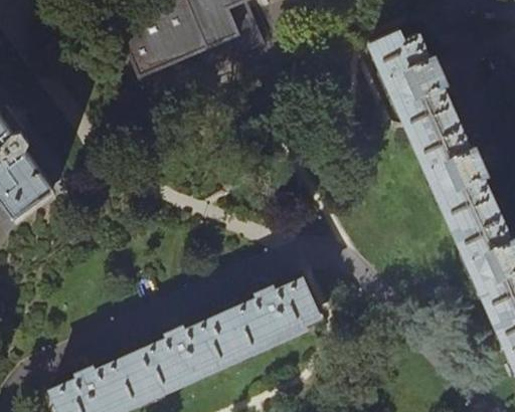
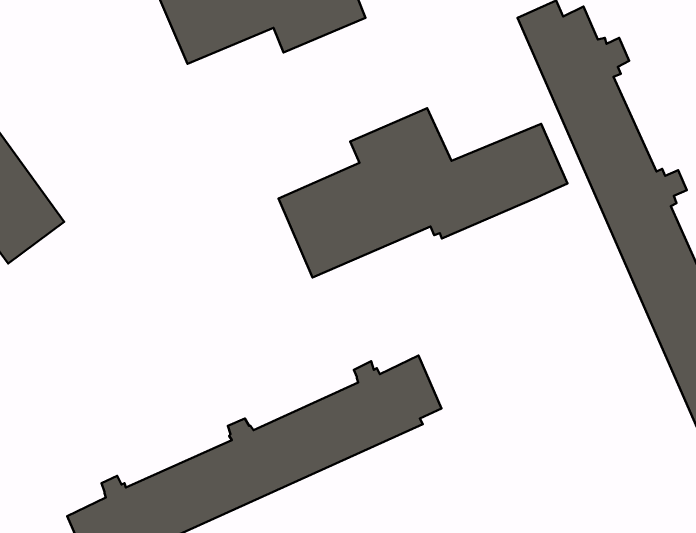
building: none -> [279,108,567,277]

